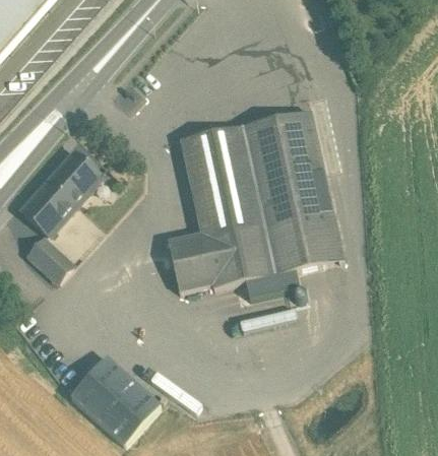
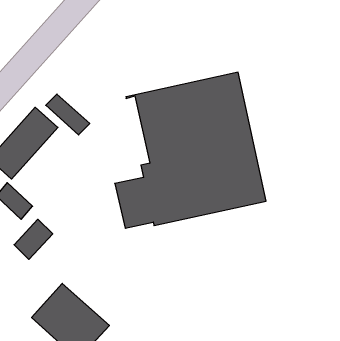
building: none -> [46,94,90,135]
building: none -> [14,219,53,259]

